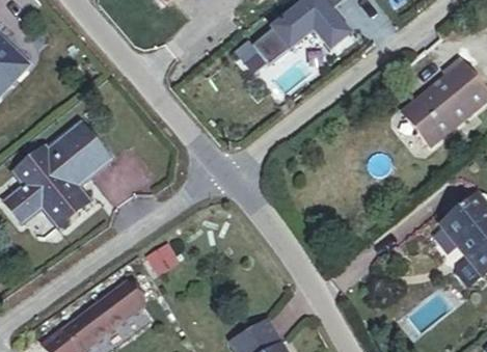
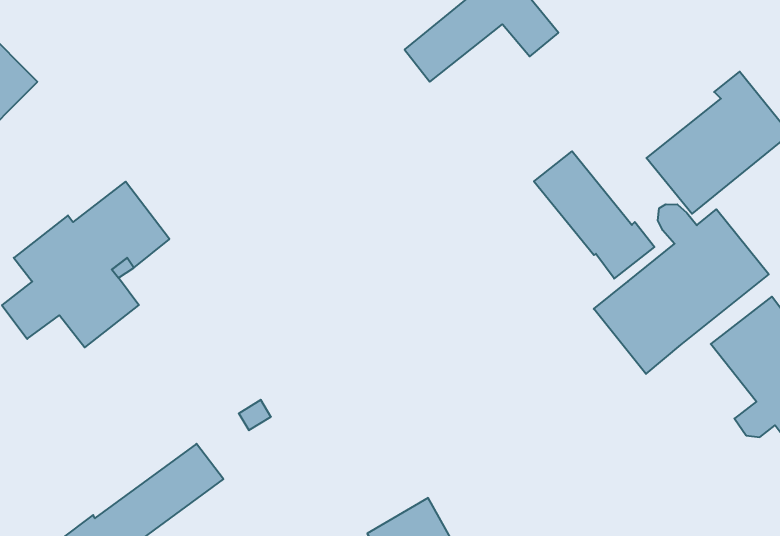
building: none -> [534,151,654,279]
building: none -> [594,204,769,374]

